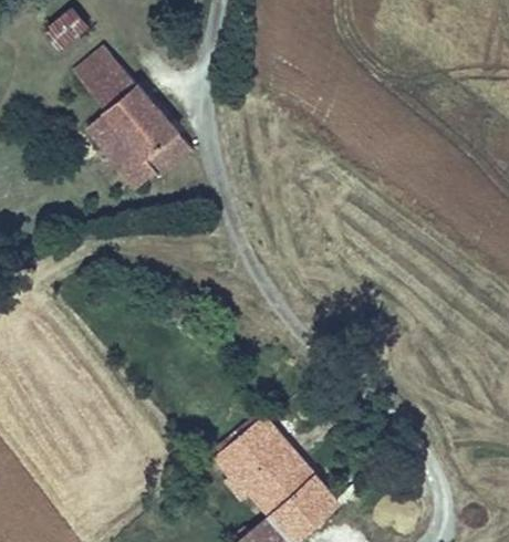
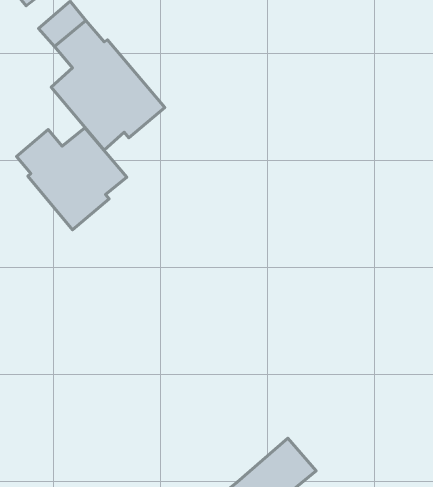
building: none -> [17,128,127,230]
building: [212,414,316,517] -> none

